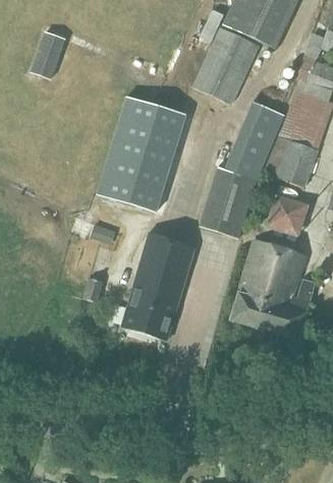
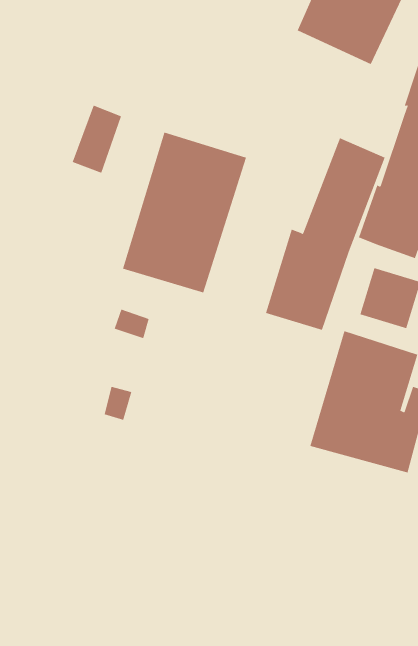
building: [192,25,261,105] -> none
building: [31,31,66,79] -> [72,105,122,173]
building: [121,231,196,340] -> none

